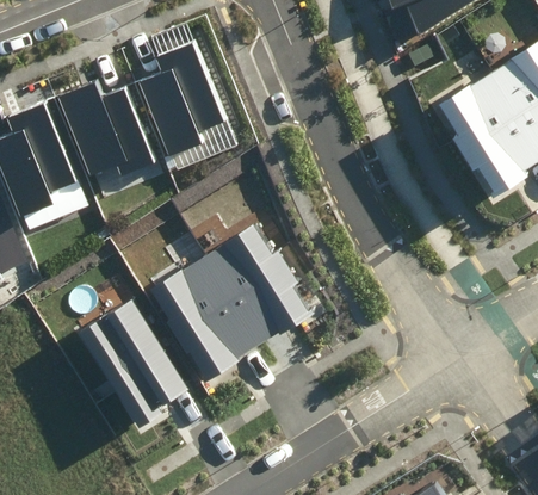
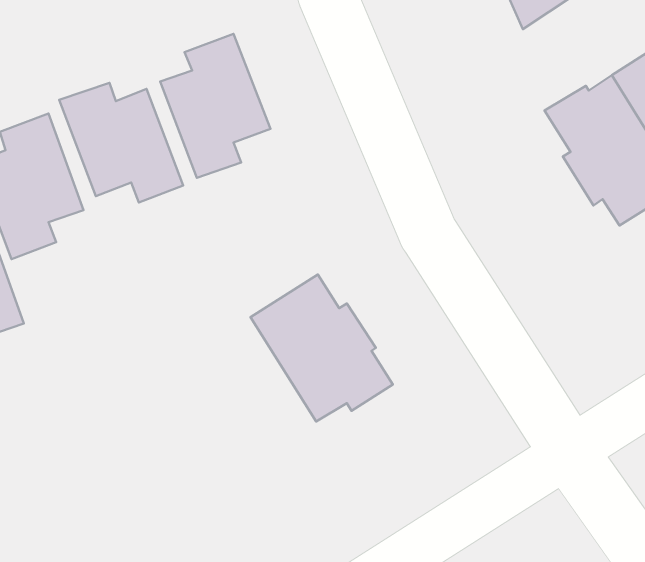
building: [154,264,258,380] -> none
building: [84,304,187,425] -> none

